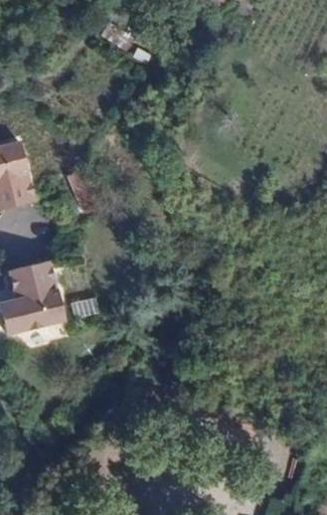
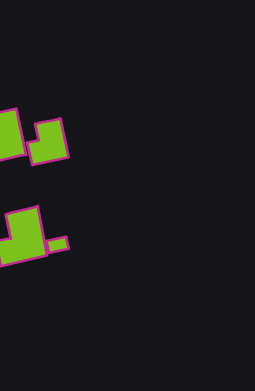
building: none -> [27,118,68,165]

